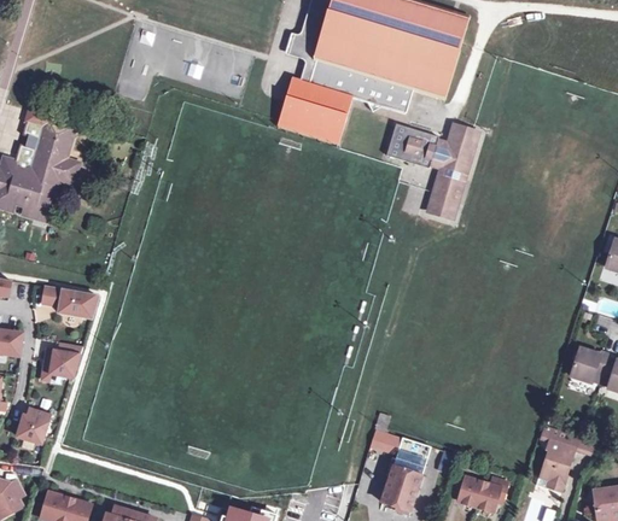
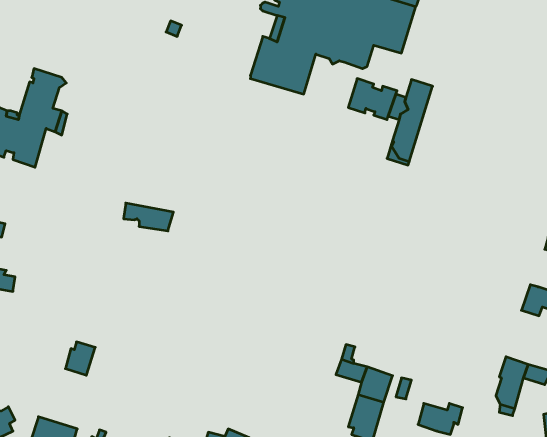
building: [42,287,97,317] -> [124,203,173,231]
building: [41,344,81,379] -> none
building: [17,409,49,445] -> [65,342,95,375]

